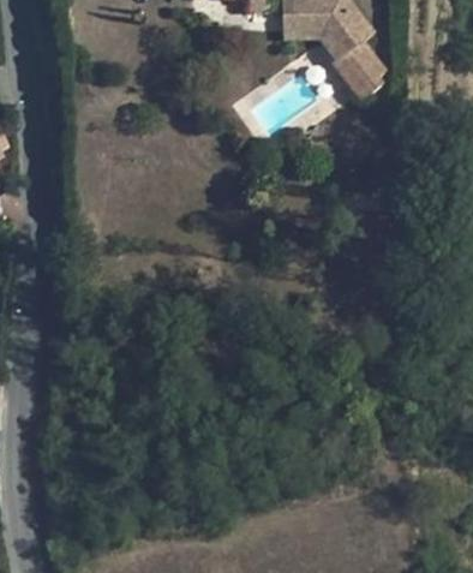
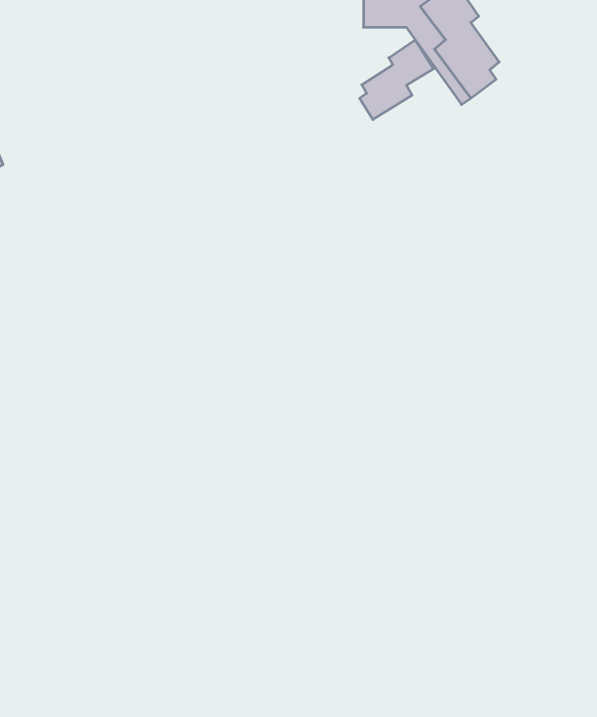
building: none -> [360,40,434,120]

